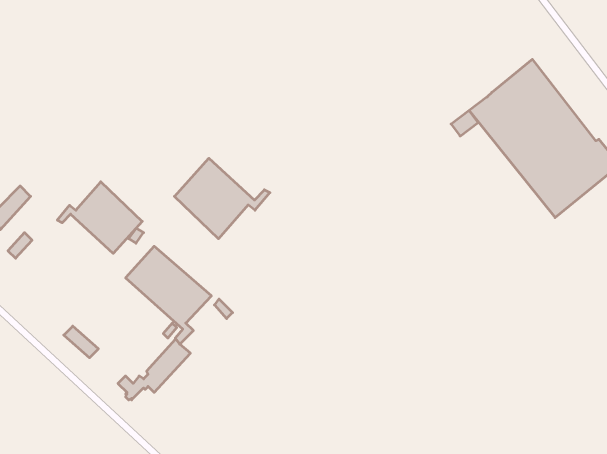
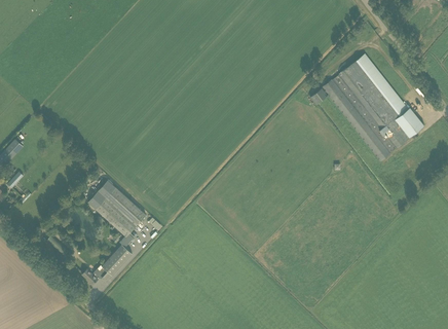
building: [174,158,270,239] -> none
building: [57,182,142,253] -> none

